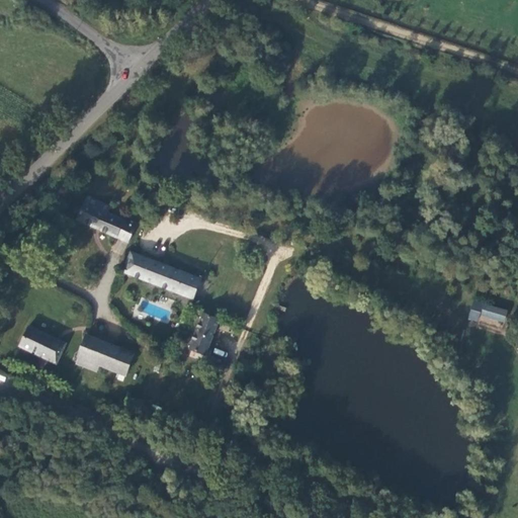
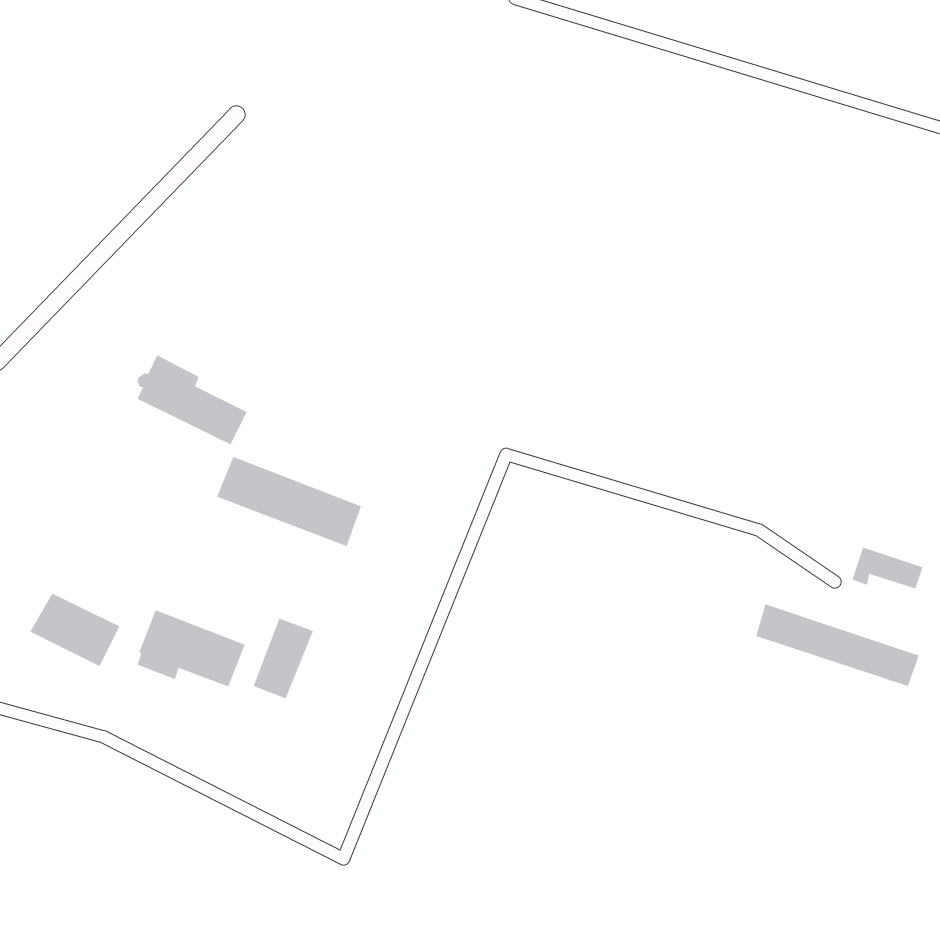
building: [187,312,221,356] -> [253,618,314,699]
building: none -> [755,604,920,687]

